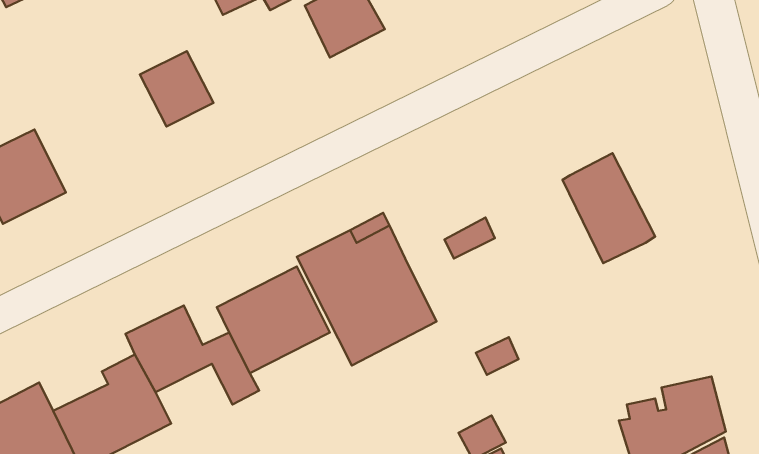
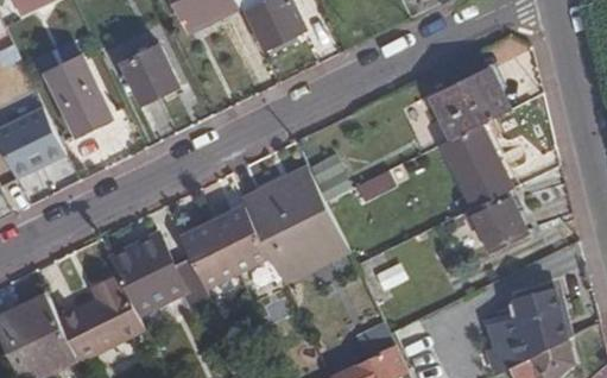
building: none -> [46,56,112,136]
building: none -> [425,70,504,140]
building: none -> [461,191,524,252]

